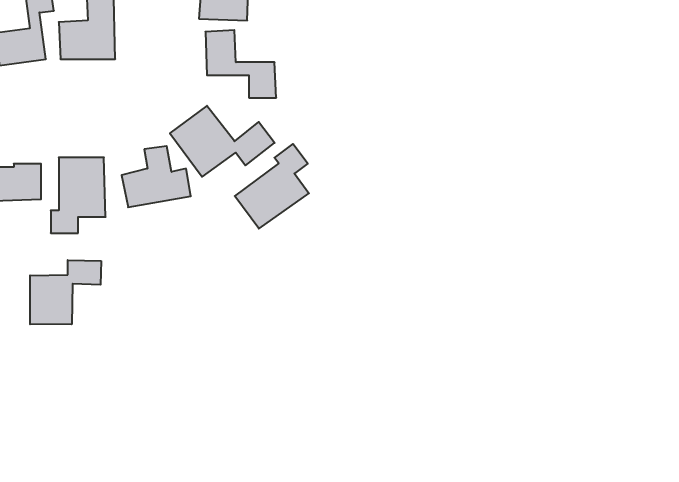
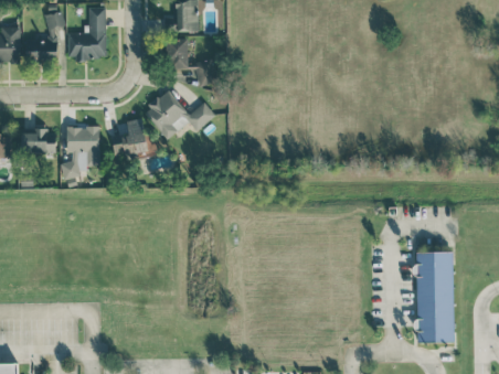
building: [235,144,309,229] -> none
building: [30,260,101,324] -> none
building: none -> [415,252,454,343]

